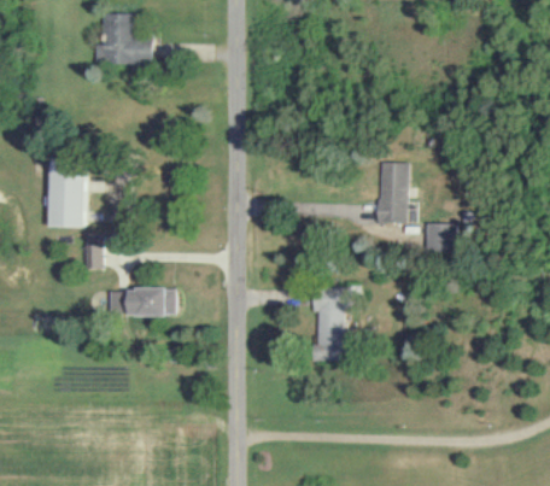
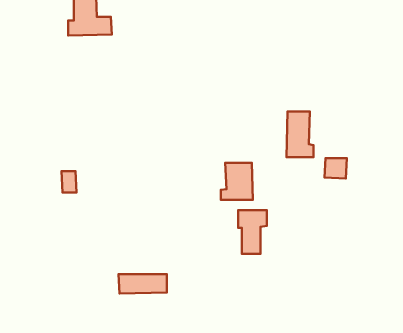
building: [51,159,87,227] -> none
building: none -> [221,163,253,200]
building: [113,289,176,315] -> [118,274,167,294]

